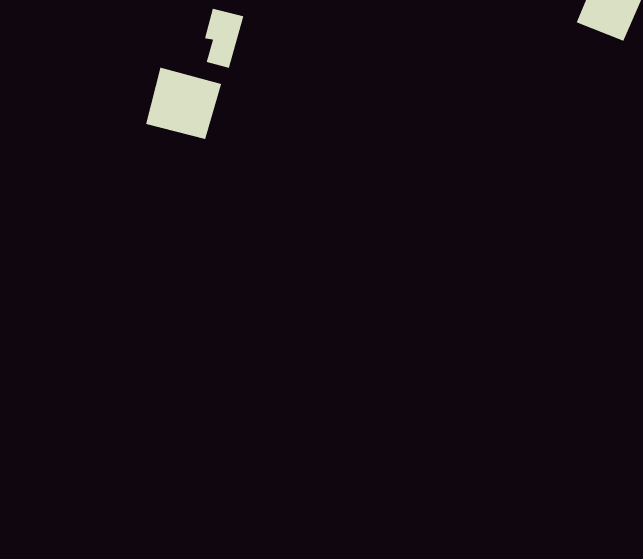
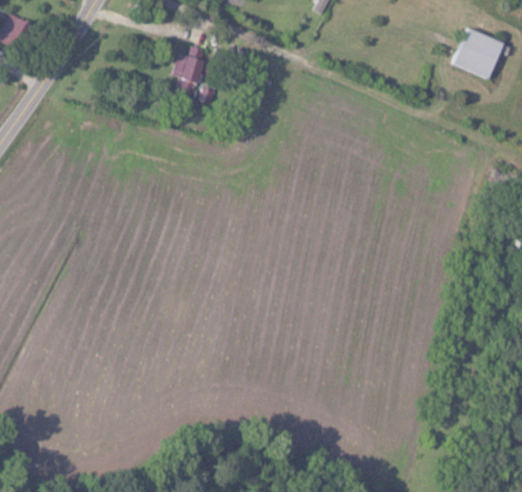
building: [145,67,222,140] -> none

